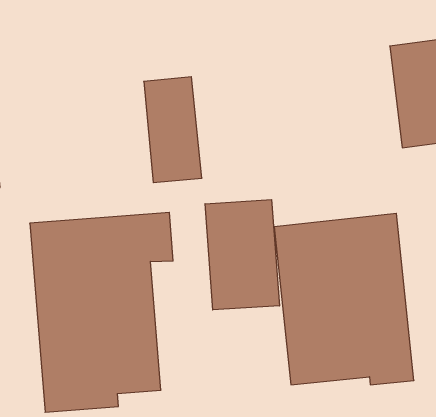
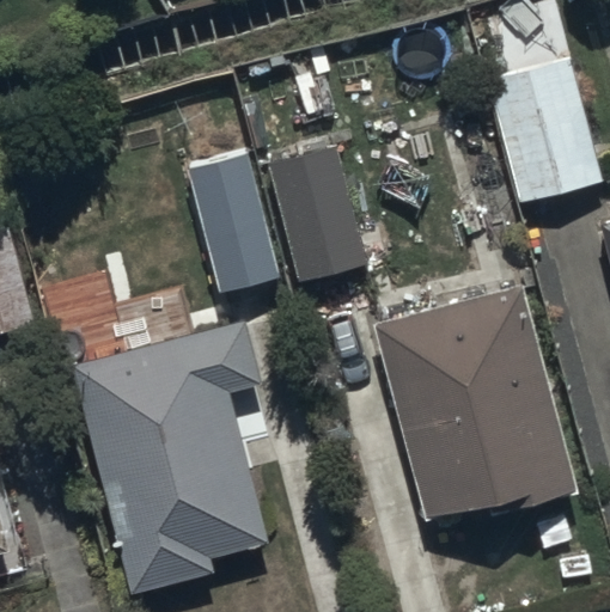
building: none -> [269,160,365,283]
building: [205,200,279,310] -> none

